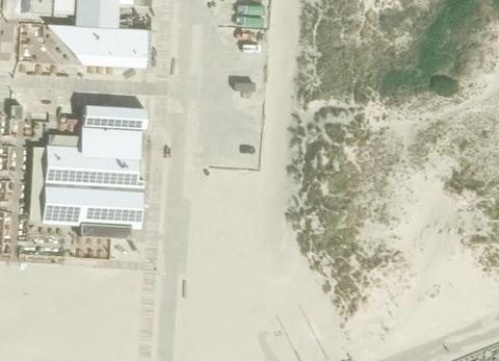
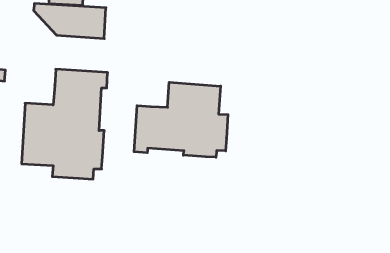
building: none -> [134,82,228,157]

